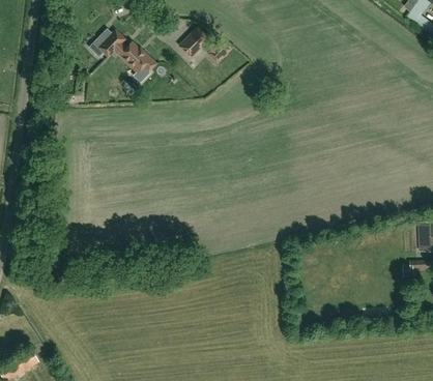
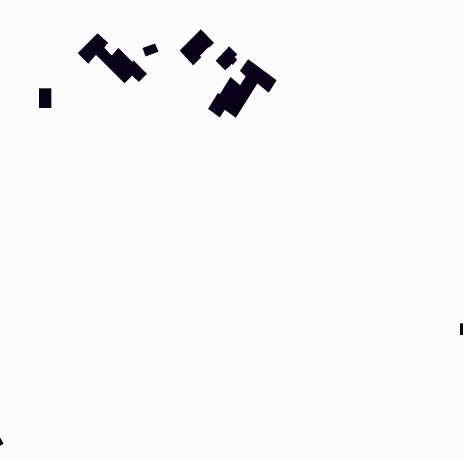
building: none -> [207,58,278,119]

